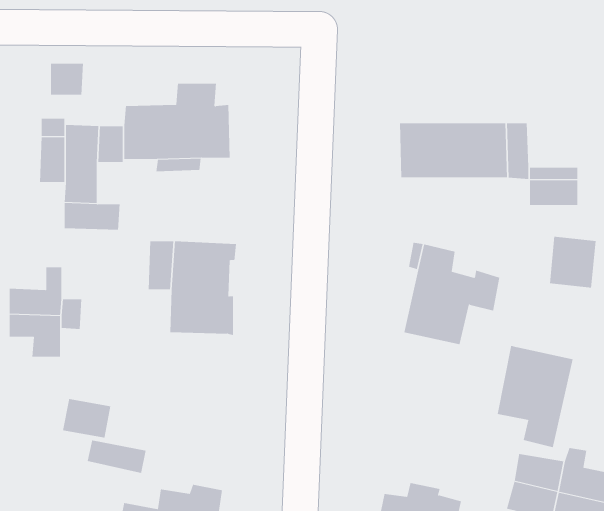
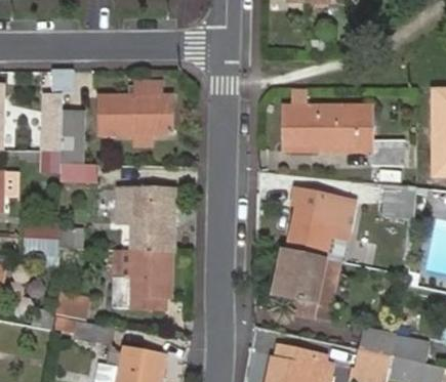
building: none -> [114,251,170,309]
building: [497,345,573,448] -> [275,250,326,319]

